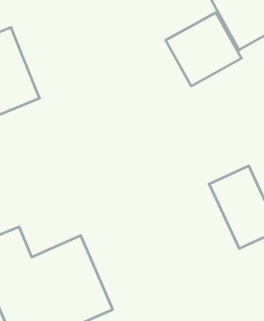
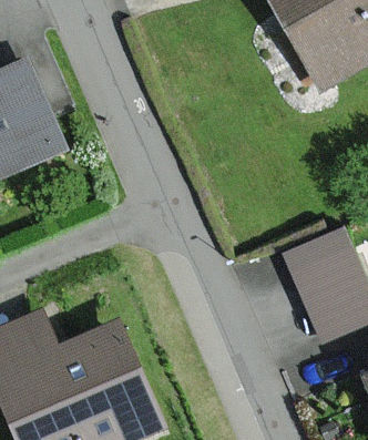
building: [166,12,242,86] -> none

